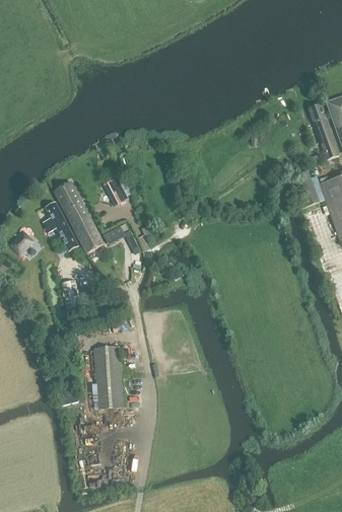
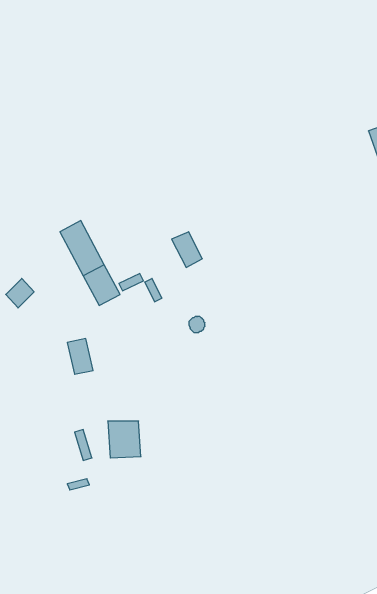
building: [102,177,128,207] -> [172,232,202,267]
building: [44,202,78,250] -> none
building: [95,377,123,409] -> none

